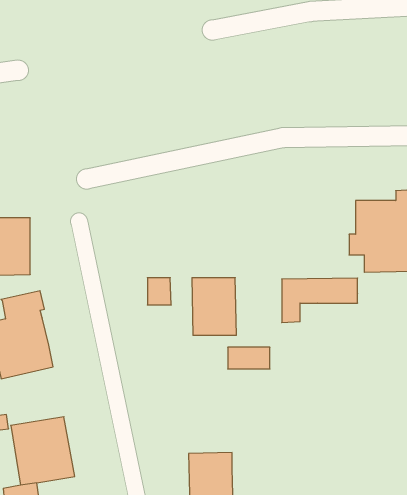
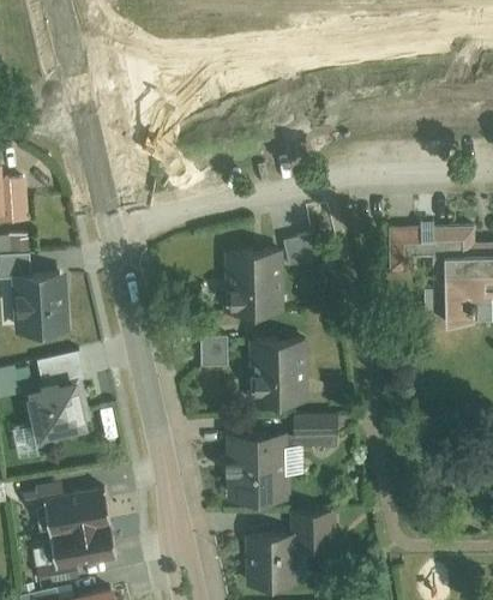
building: none -> [223,241,312,319]
building: [282,278,358,323] -> [390,226,474,275]
building: none -> [223,432,287,503]
building: none -> [291,510,333,550]

